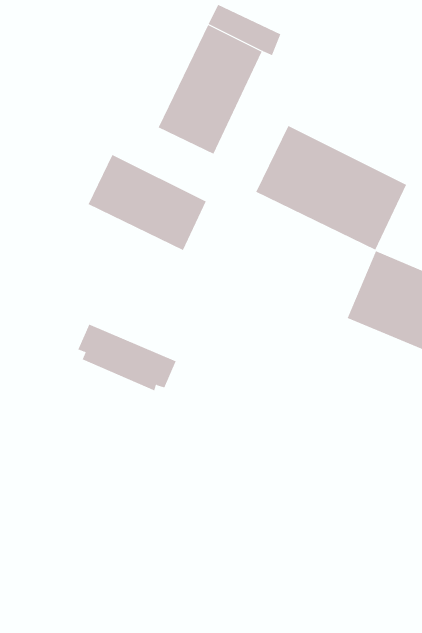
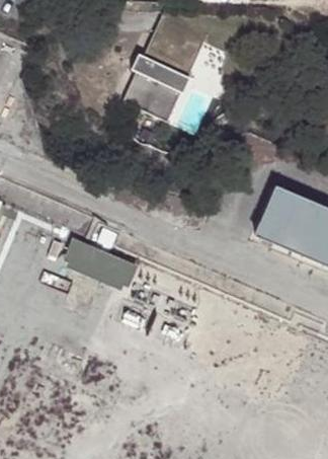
building: [256,125,407,251] -> none
building: [88,154,207,251] -> none

